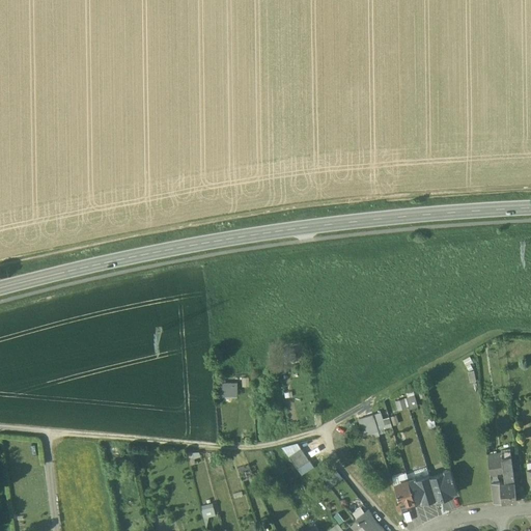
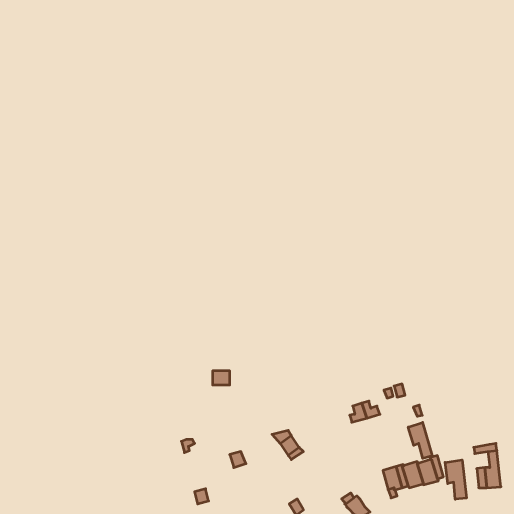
building: none -> [408,422,432,458]
building: none -> [445,460,466,499]

